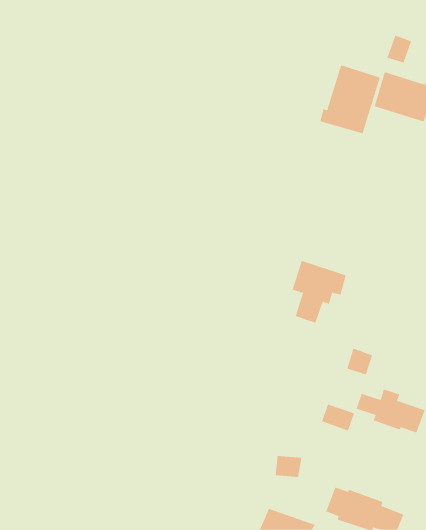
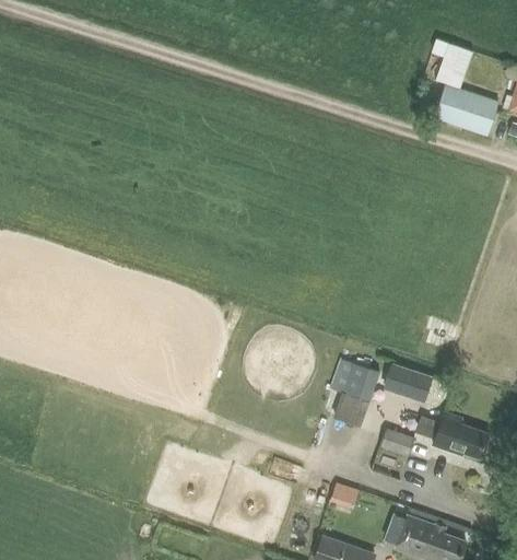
building: [320,64,381,134] -> none
building: [292,260,346,324] -> [331,358,388,423]

